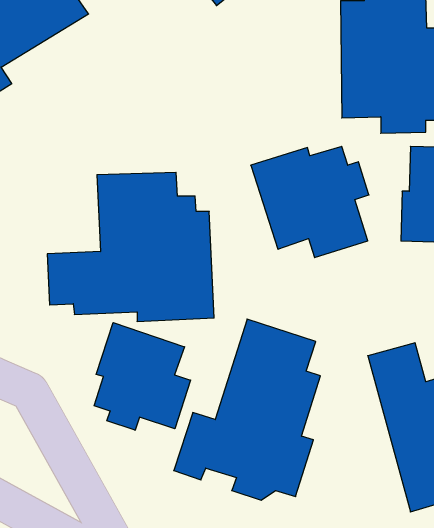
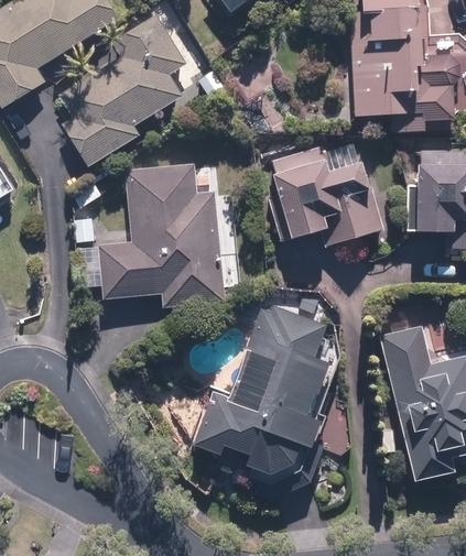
building: none -> [56,17,196,167]
building: [94,323,191,430] -> none

